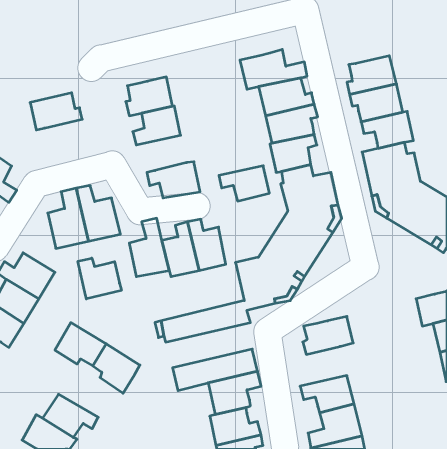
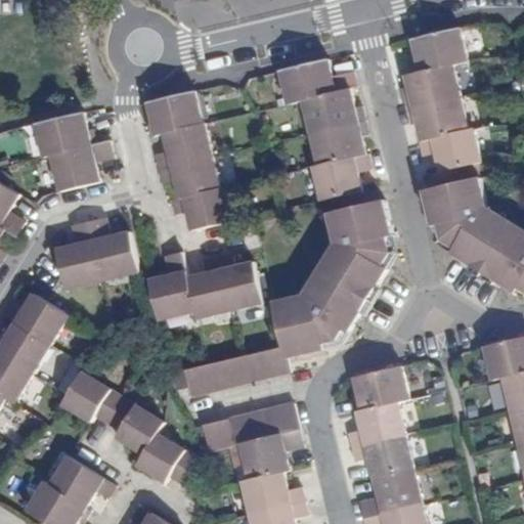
building: none -> [407,27,466,74]
building: none -> [51,135,113,185]
building: [219,166,269,201] -> [158,157,216,198]
building: [78,258,121,299] -> none
building: none -> [344,401,401,447]
building: none -> [137,434,195,483]

